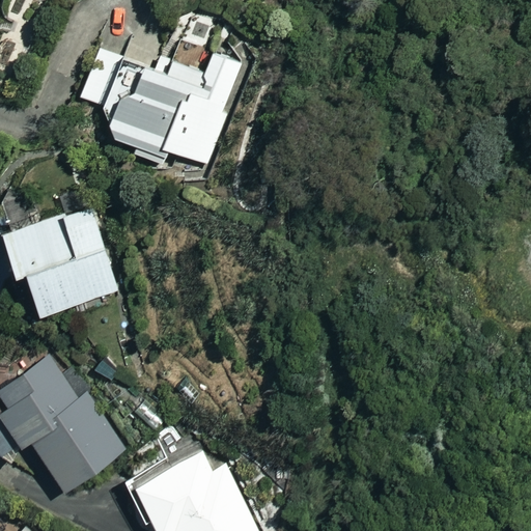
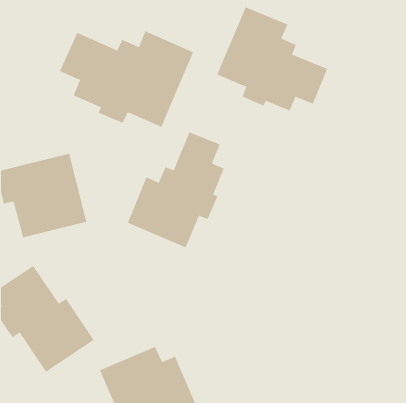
building: none -> [216,7,328,111]
building: none -> [127,132,224,248]

